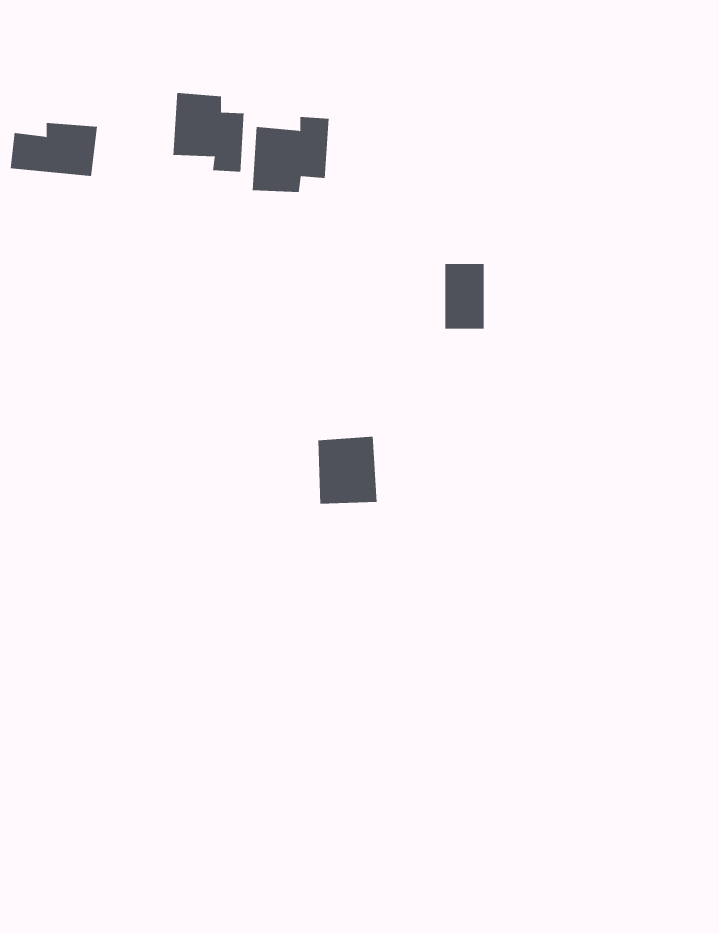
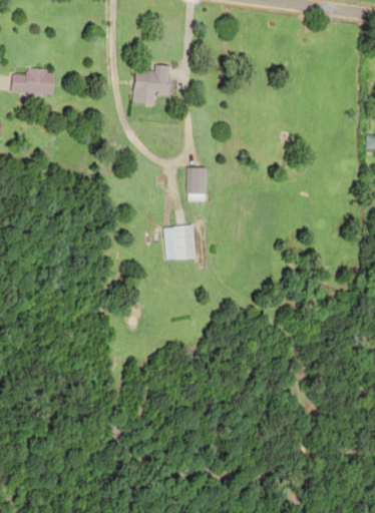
building: [173,92,244,172] -> none
building: [444,263,484,329] -> [188,168,208,201]

